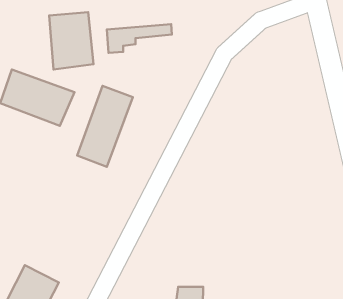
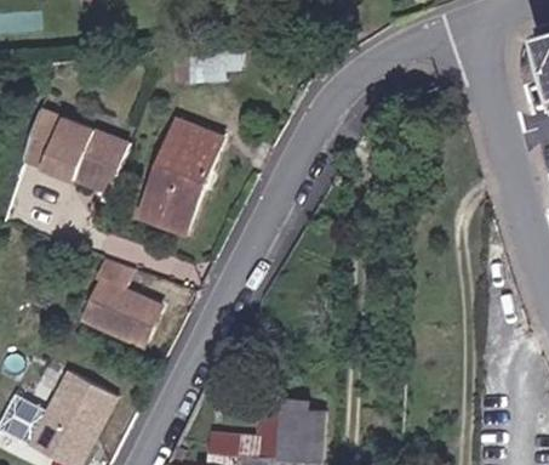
building: [49,12,94,69] -> none
building: none -> [78,251,156,346]

